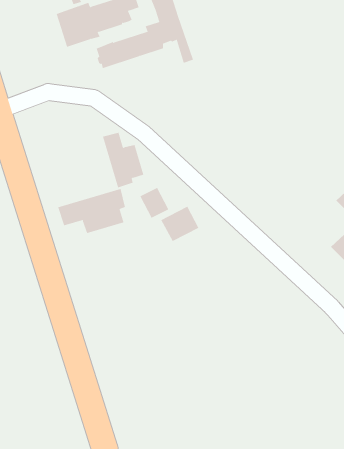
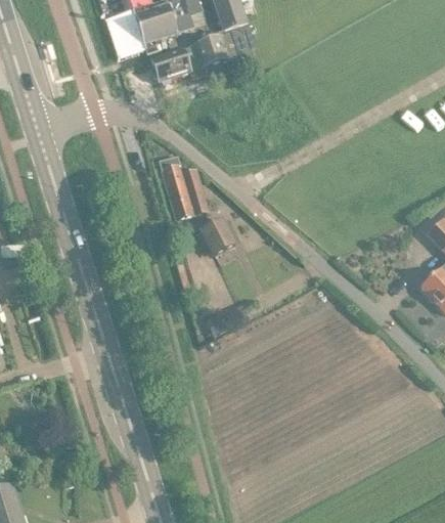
building: [57,188,125,234] -> none
building: [161,206,199,242] -> none

